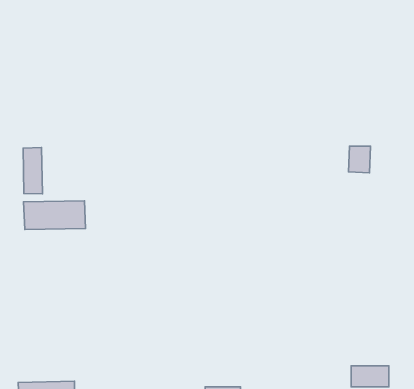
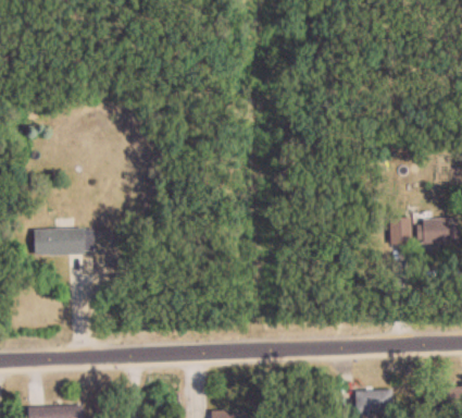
building: [348,146,371,173] -> [390,219,412,245]
building: [23,148,42,194] -> none

